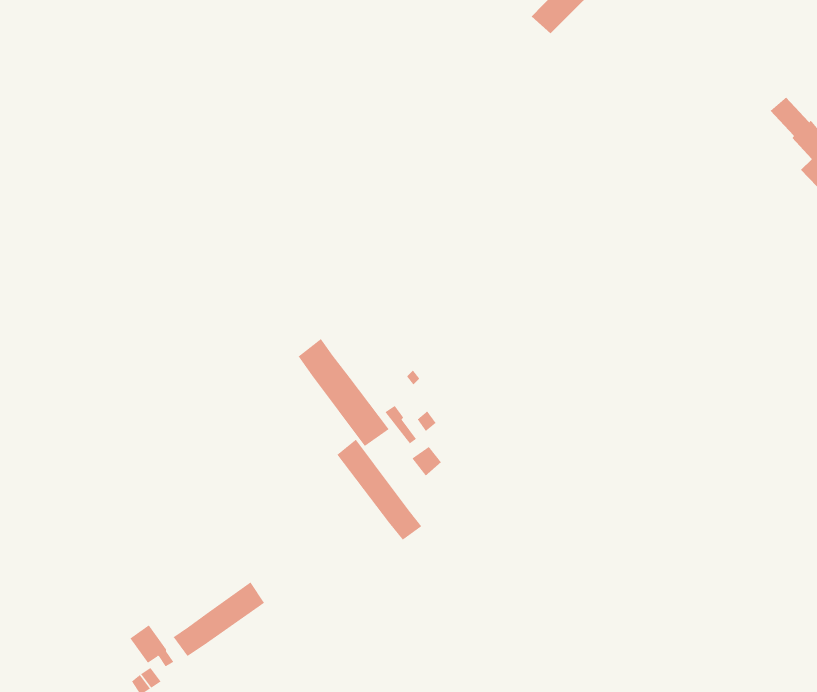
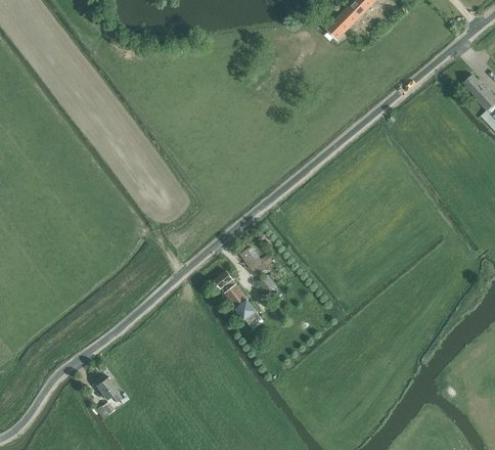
building: [298,338,390,447] -> none
building: [173,581,265,657] -> none

